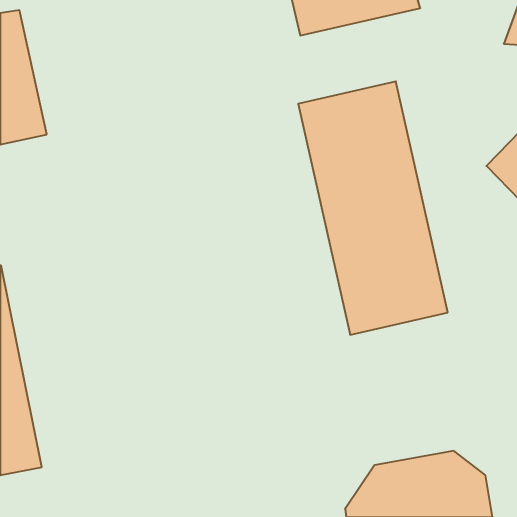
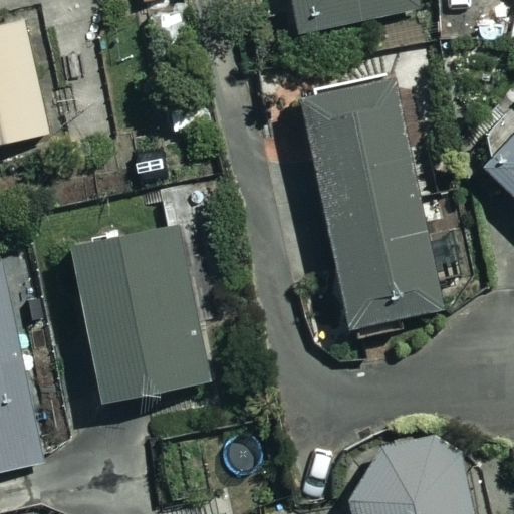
building: none -> [68,229,210,404]

